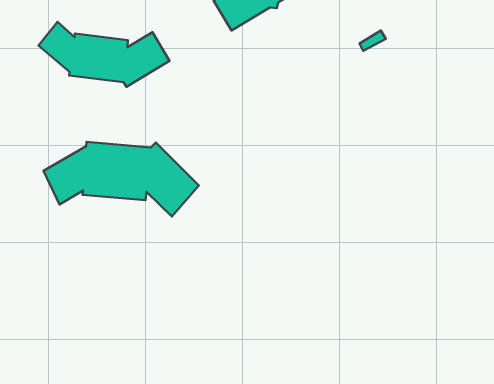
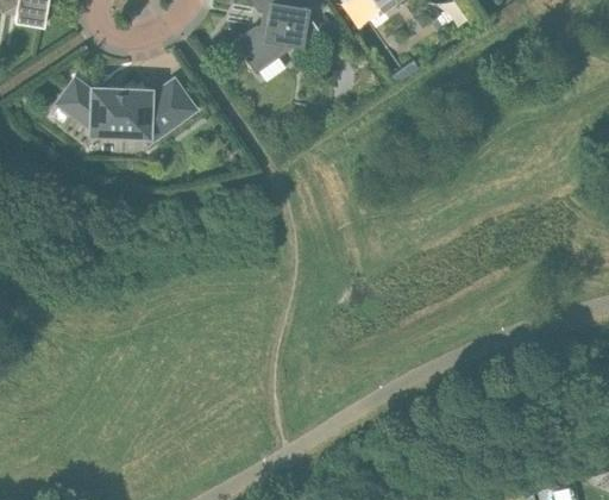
building: [44,142,199,217] -> none

